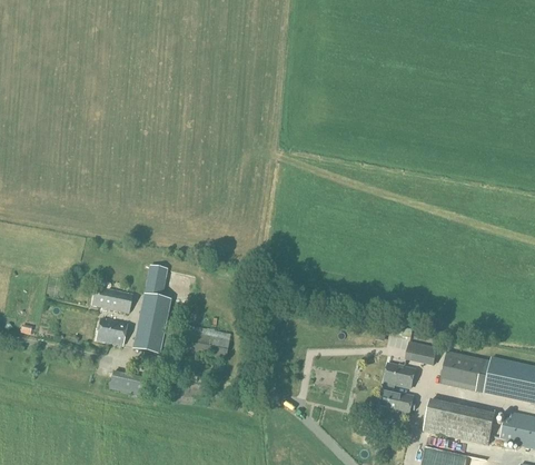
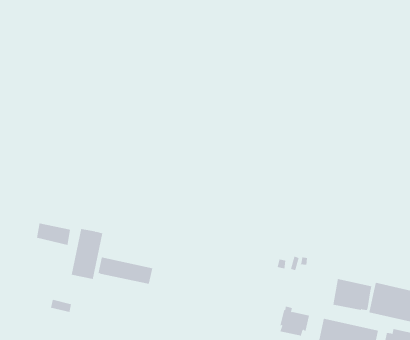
building: [145,264,168,296] -> none
building: [97,317,128,345] -> none
building: [406,340,437,364] -> none
building: [385,363,416,386] -> none

